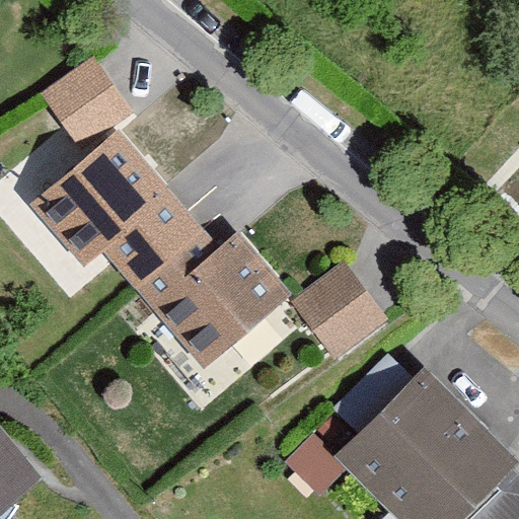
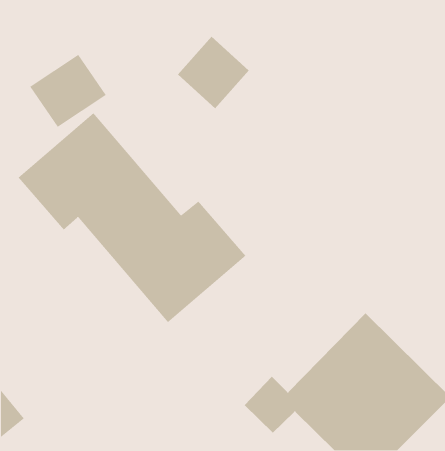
building: none -> [177,36,250,109]
building: [293,265,385,356] -> none

